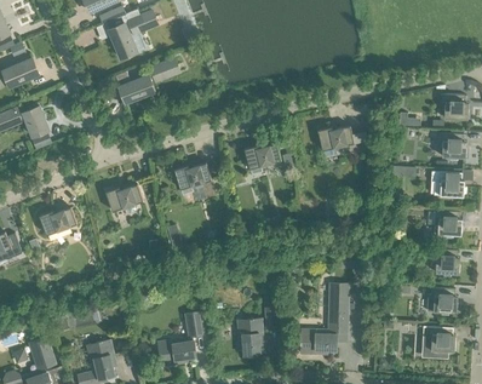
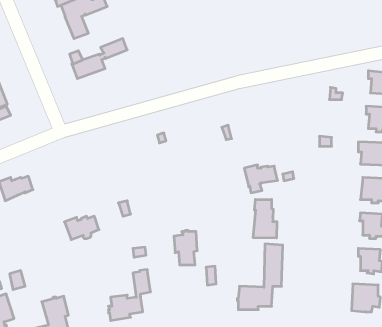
building: [316,126,352,156] -> [244,165,278,193]
building: [243,144,280,173] -> none
building: [173,164,210,194] -> none
building: [104,185,142,211] -> [64,216,99,240]
building: none -> [253,199,277,238]
building: [236,317,262,355] -> [174,231,197,265]

